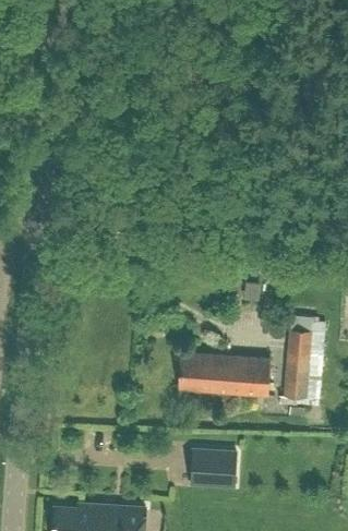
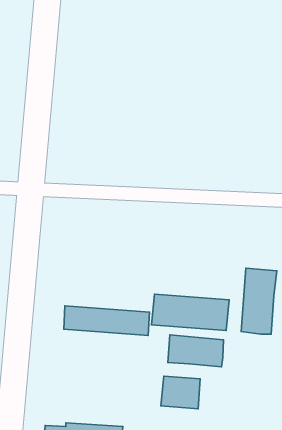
building: none -> [64,306,149,335]
building: none -> [168,335,223,367]

